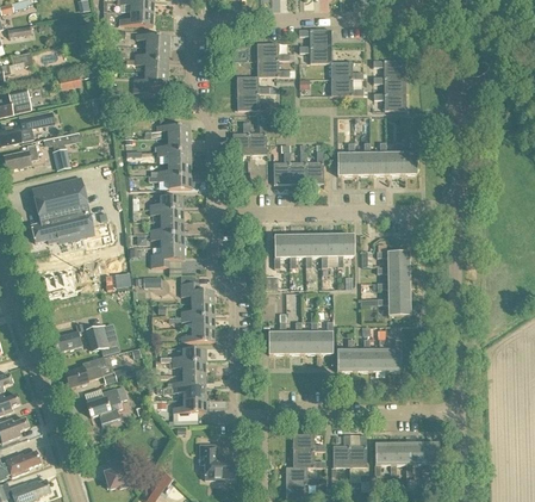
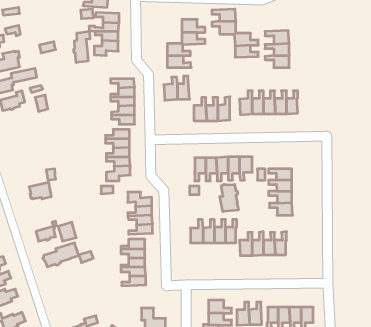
building: none -> [74,31,90,63]
building: [30,176,93,243] -> none
building: none -> [220,184,238,212]
building: [85,386,118,424] -> none

